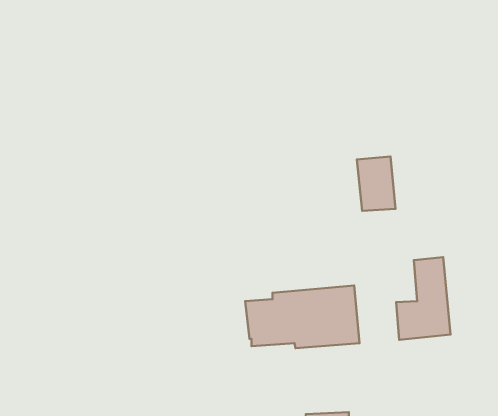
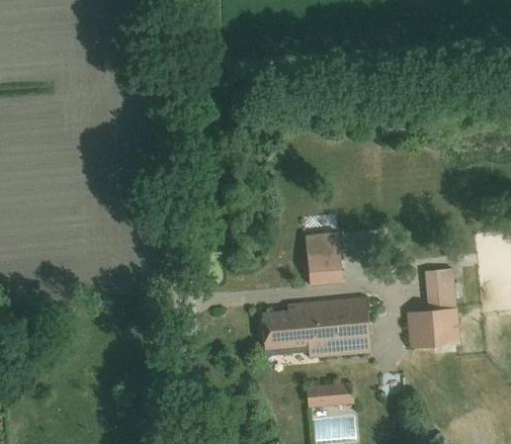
building: [357,156,396,211] -> [305,232,342,284]
building: none -> [305,382,353,407]

